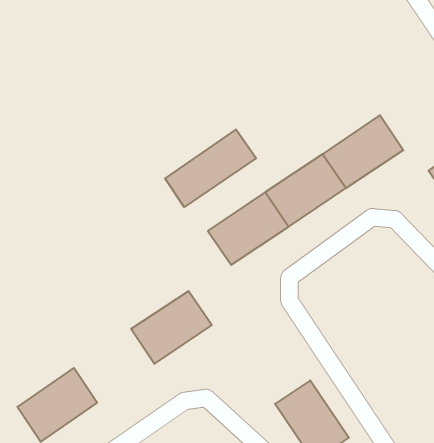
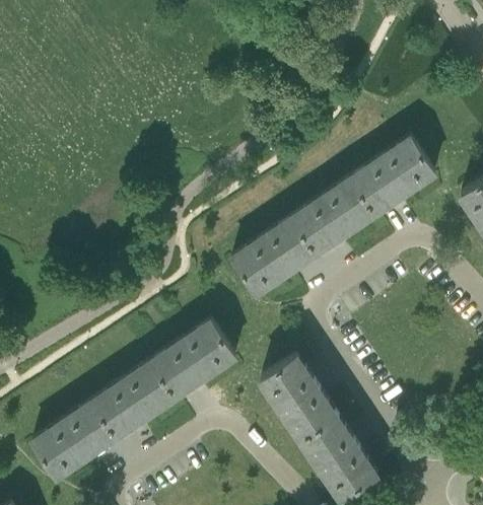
building: [165,129,256,207] -> none
building: none -> [260,355,337,439]
building: none -> [90,361,175,438]

